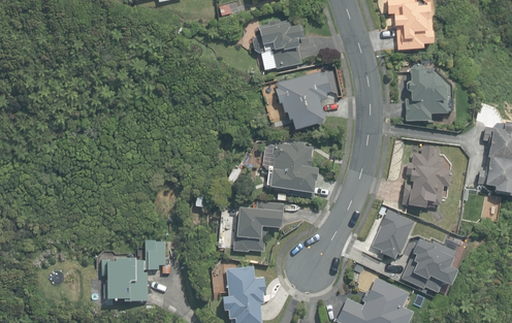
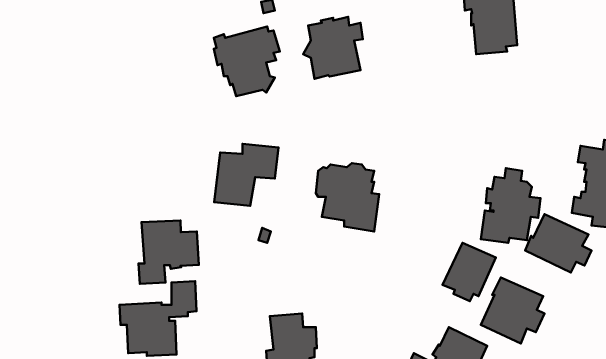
building: [406,65,447,121] -> none
building: [277,71,331,129] -> [214,27,280,96]
building: none -> [525,214,592,273]
building: none -> [139,220,199,284]
building: [232,199,286,251] -> [214,144,279,206]

